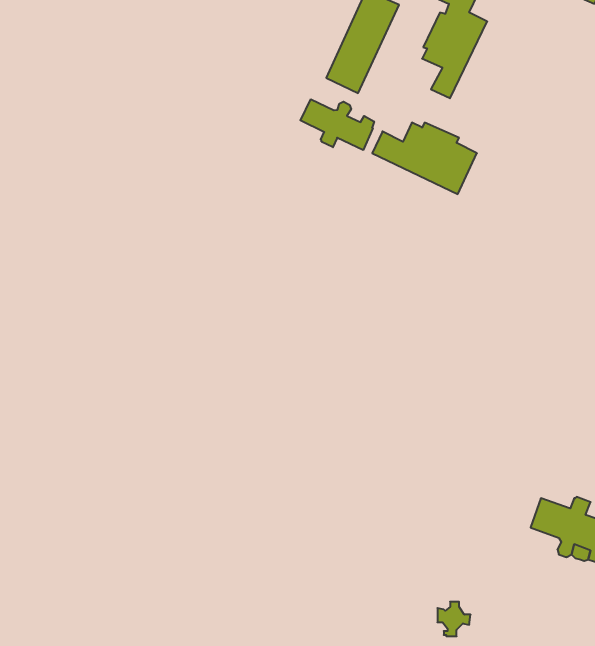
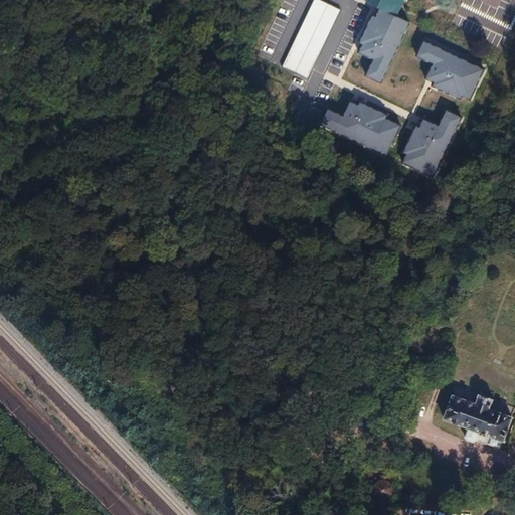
building: none -> [414,37,485,100]
building: [300,99,374,150] -> none
building: none -> [401,107,462,177]

